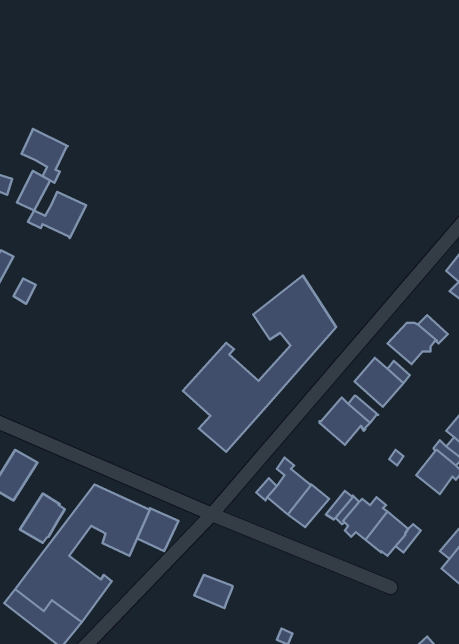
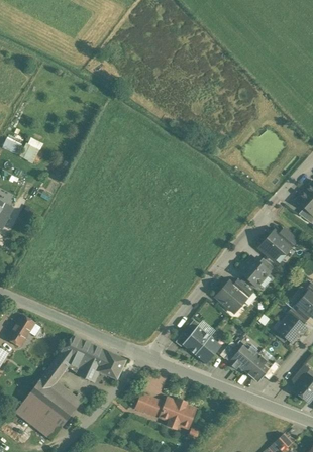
building: [21,129,68,183] -> none
building: [28,192,86,238] -> none
building: [183,276,336,452] -> none
building: [20,494,65,543] -> none
building: none -> [155,398,195,427]

